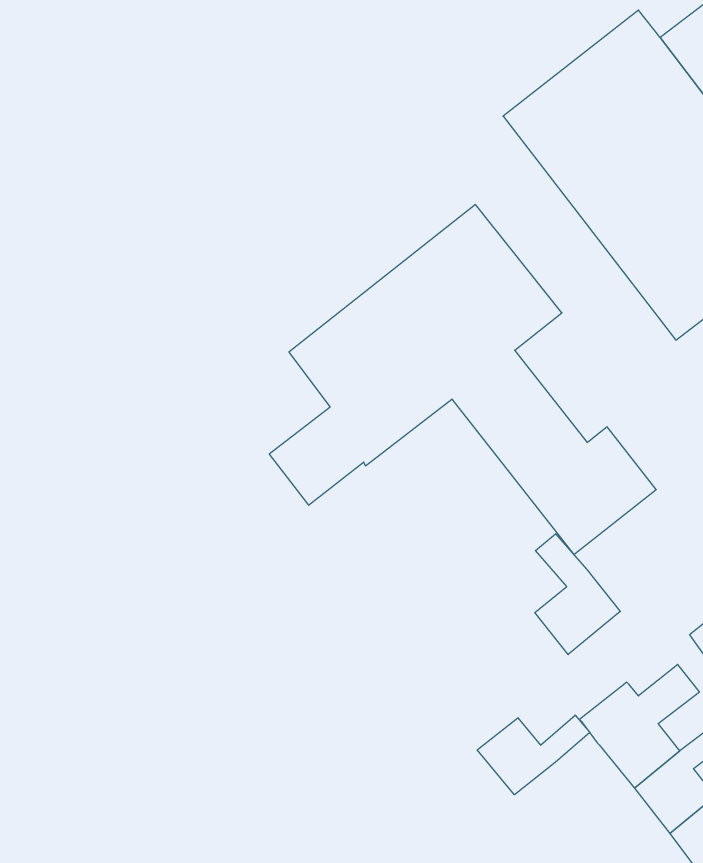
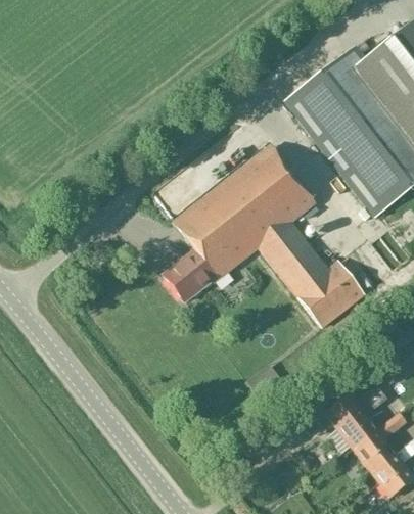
building: [535,534,620,655] -> none
building: [477,715,590,795] -> none

